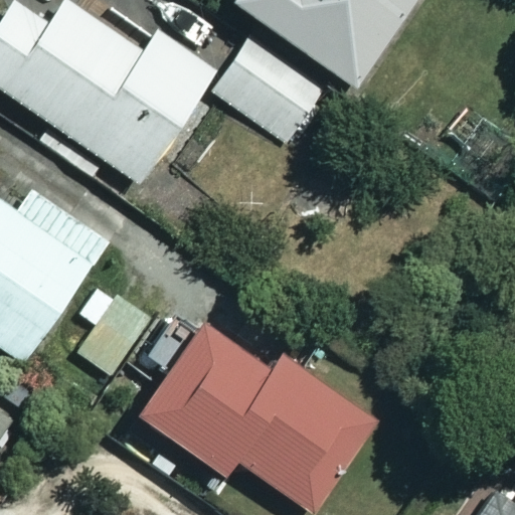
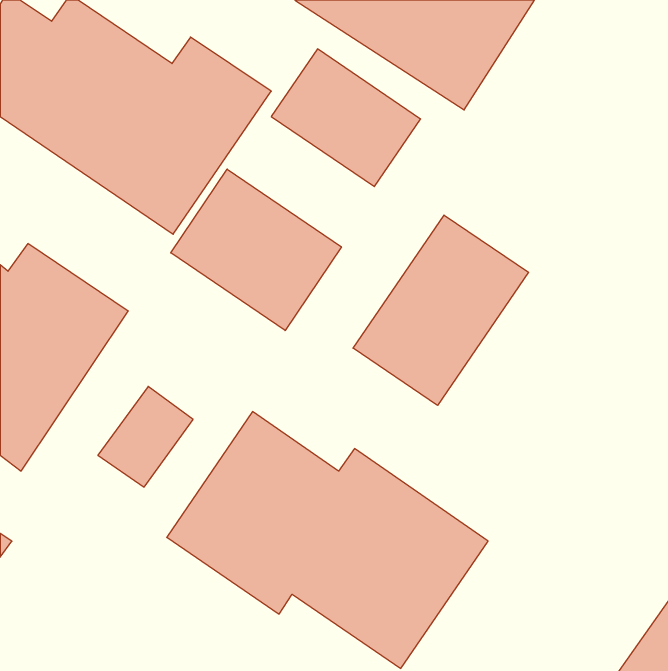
building: none -> [171,169,341,331]
building: none -> [353,215,529,405]

